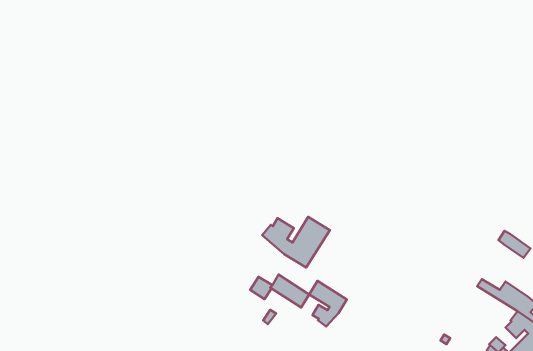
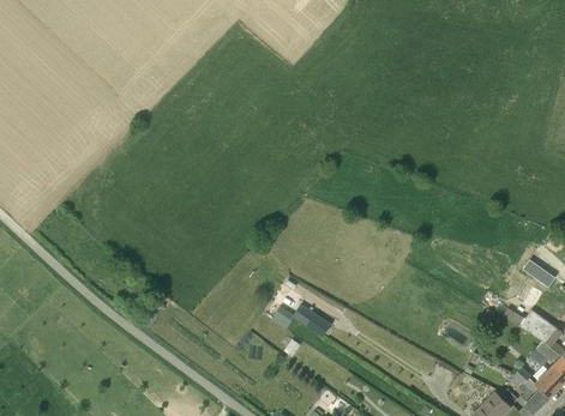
building: [262,217,330,267] -> none
building: [309,281,347,327] -> none

